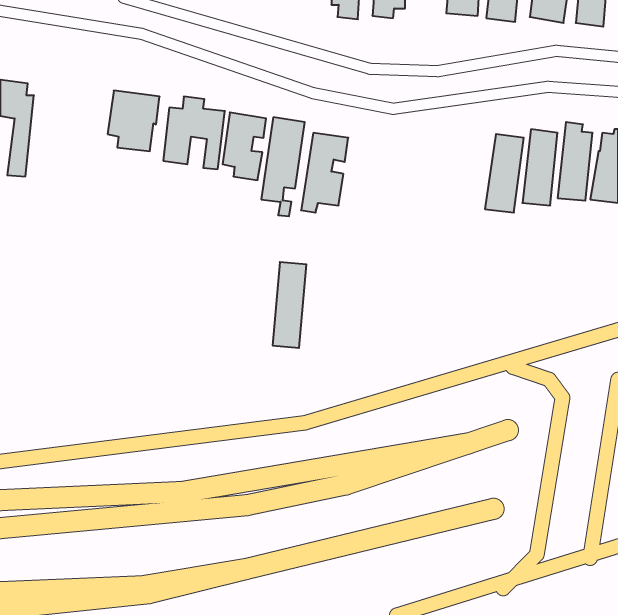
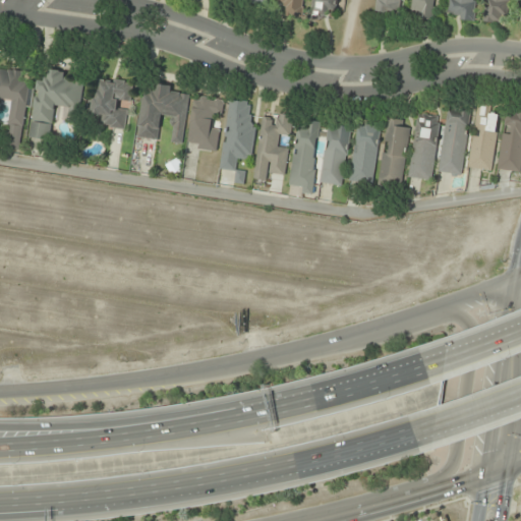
building: none -> [28,67,84,139]
building: none -> [380,117,409,183]
building: none -> [321,122,351,185]
building: none -> [350,122,380,182]
building: [273,262,306,348] -> [291,118,320,190]

